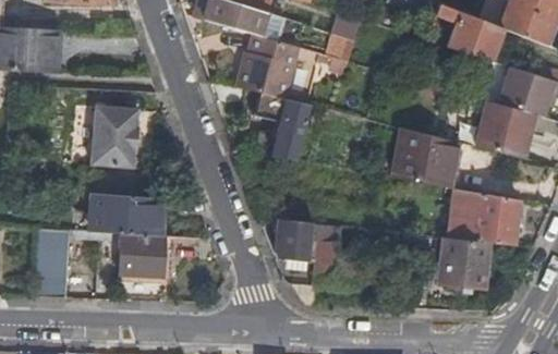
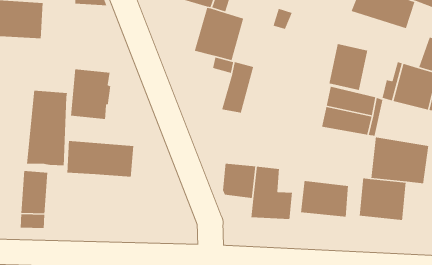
building: none -> [328,43,368,91]
building: none -> [26,90,68,166]
building: [119,233,166,277] -> none
building: none -> [300,180,349,217]

